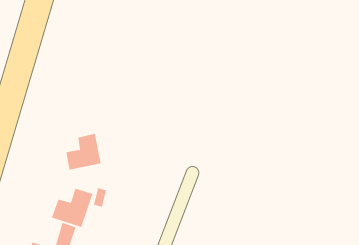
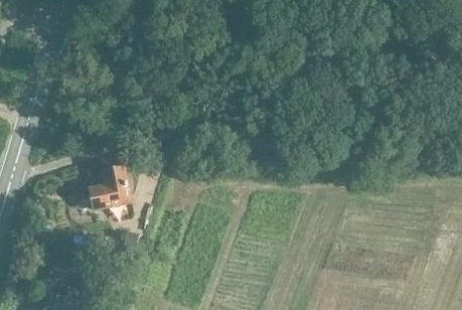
building: [51,188,93,228] -> none

